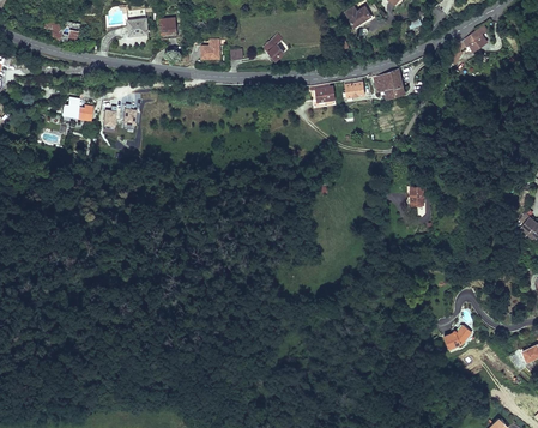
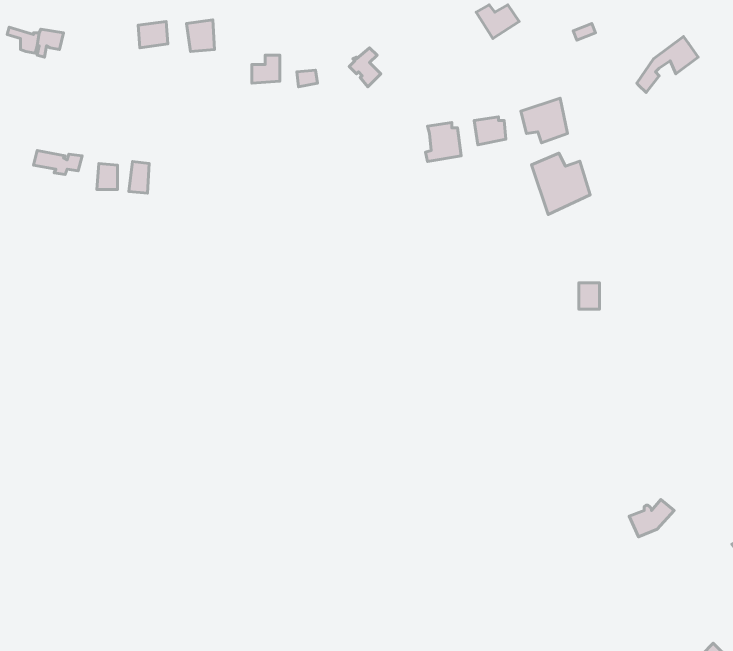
building: none -> [532,153,590,214]

